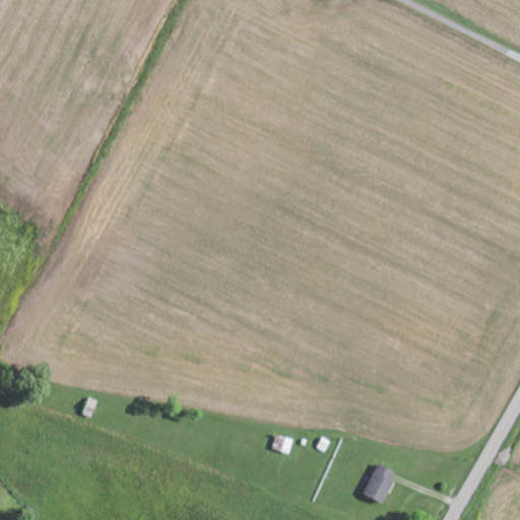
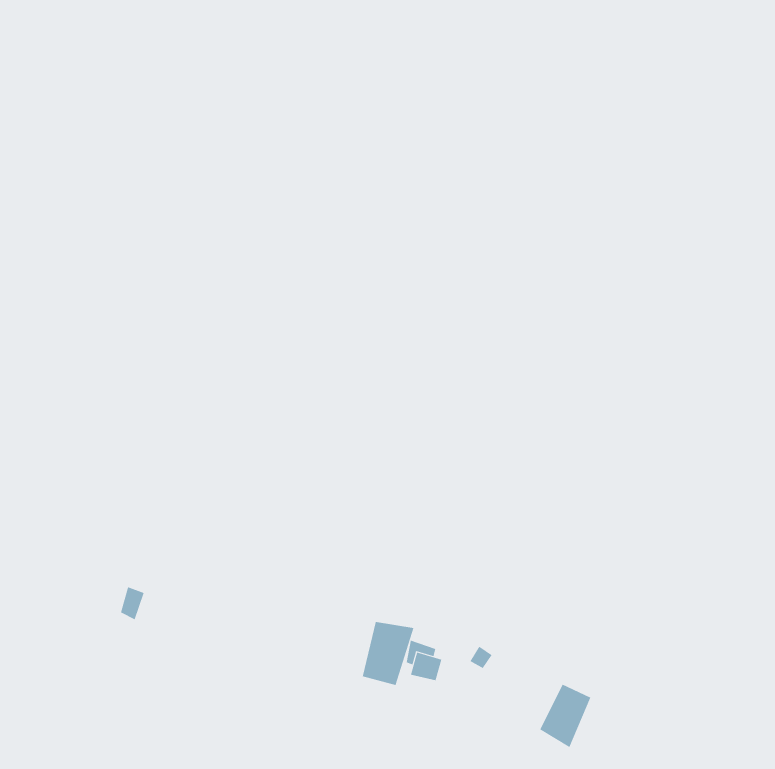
building: none -> [362,621,414,686]

